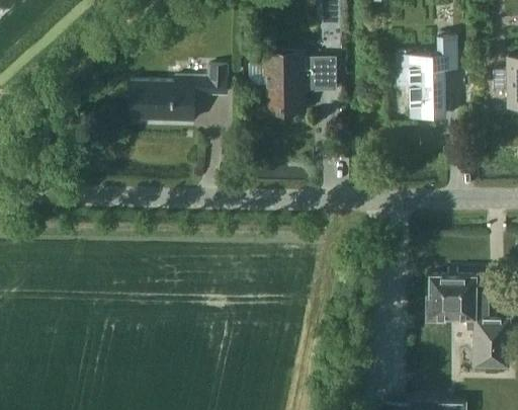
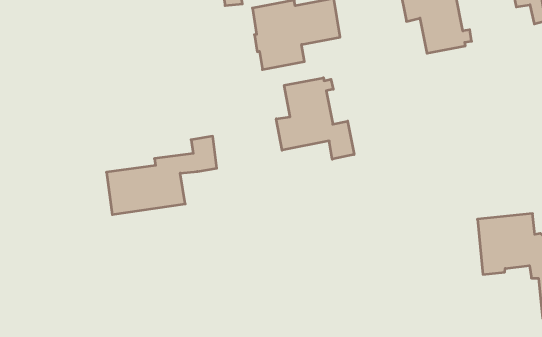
building: [128,67,227,121] -> [106,136,217,215]
building: none -> [276,78,354,159]

